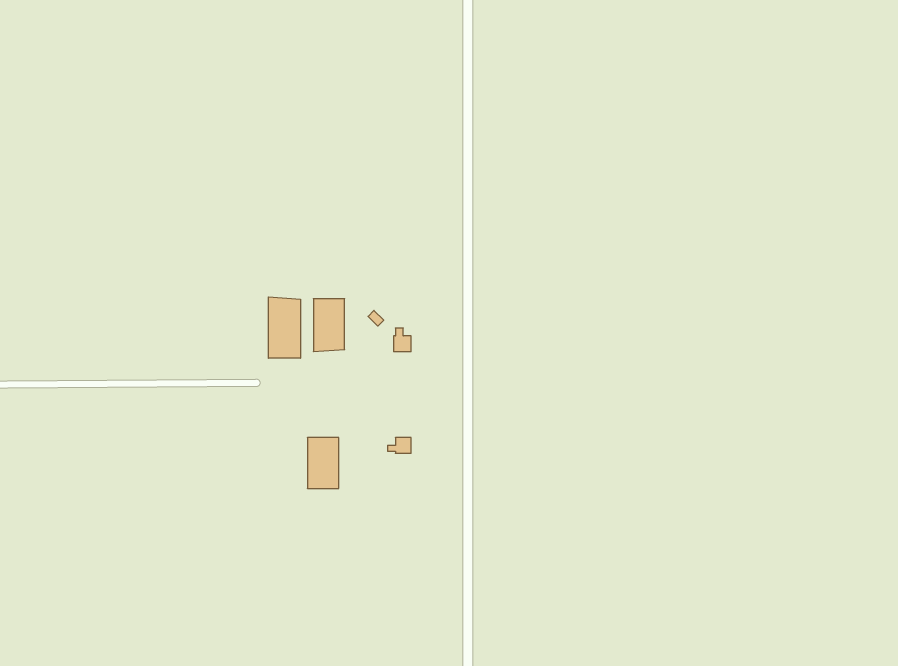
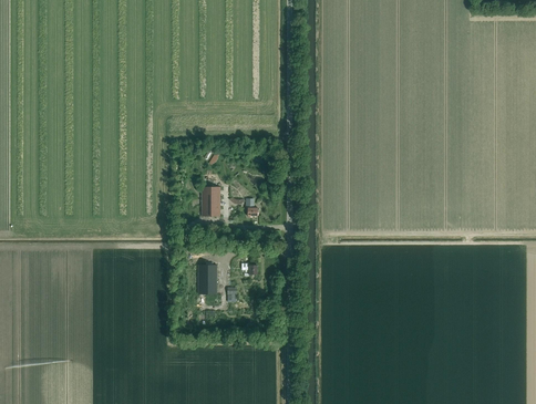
building: [268,297,300,358] -> none

